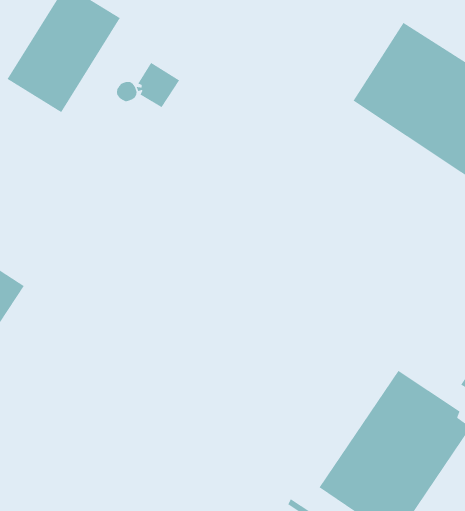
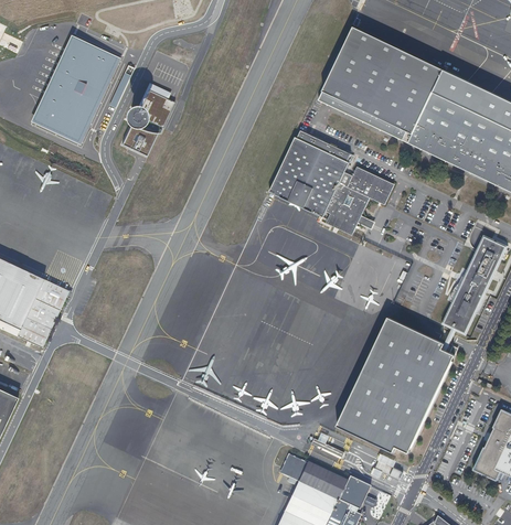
building: none -> [268,129,394,234]

